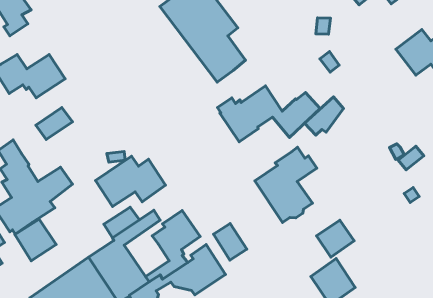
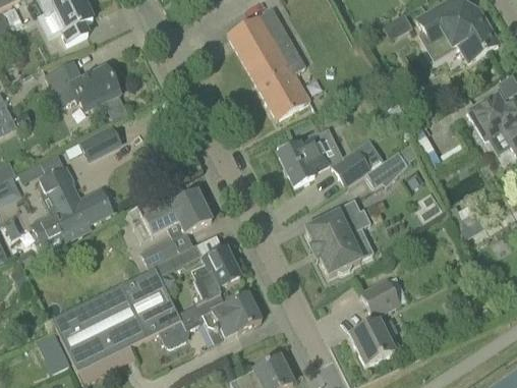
building: [15,219,56,261] -> none
building: [213,224,247,260] -> none

